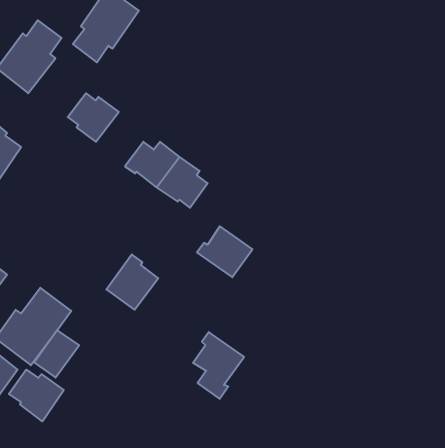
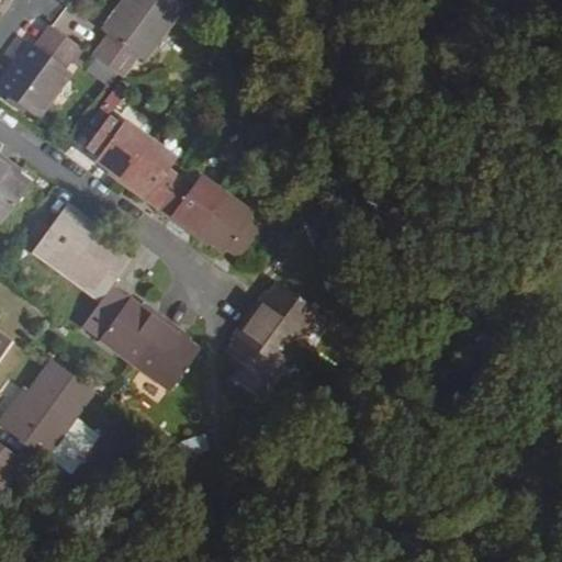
building: none -> [120,139,179,207]
building: none -> [33,203,127,297]
building: none -> [99,296,165,361]
building: [193,332,244,399] -> [226,315,290,398]
building: [9,370,64,421] -> none

